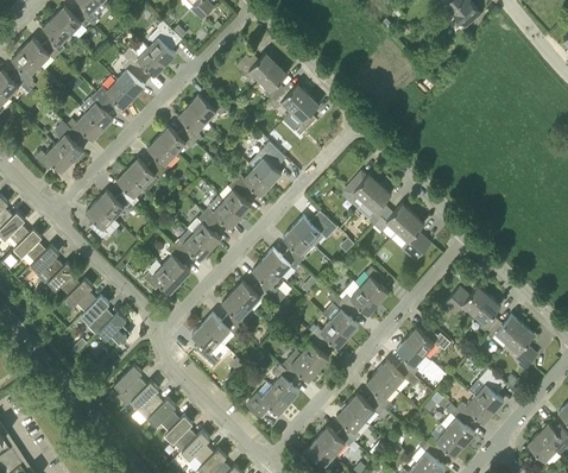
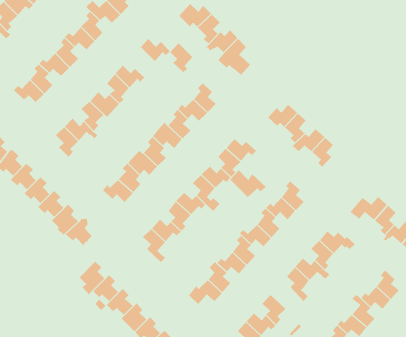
building: [178,106,207,143] -> [170,42,193,73]
building: none -> [230,170,267,198]
building: [347,395,387,423] -> none

